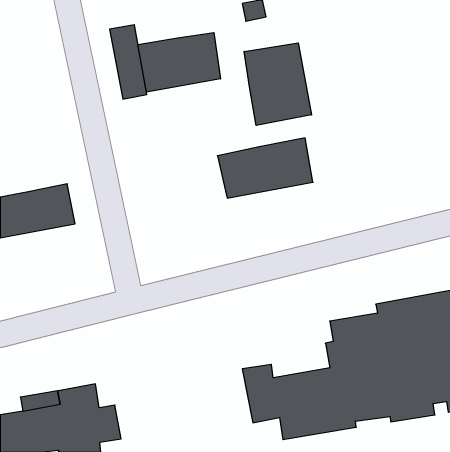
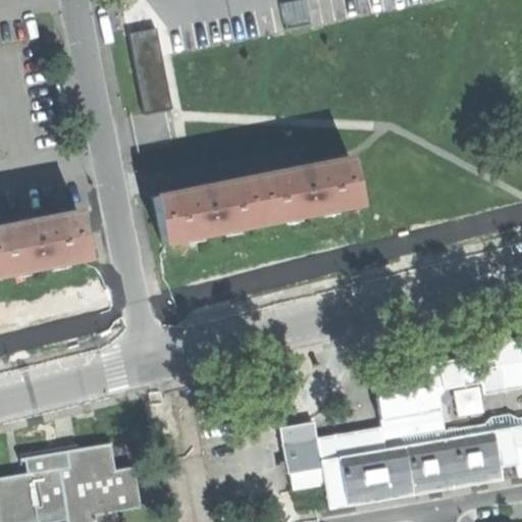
building: [138,33,220,92] -> none
building: [244,43,312,125] -> none
building: none -> [155,179,264,248]

